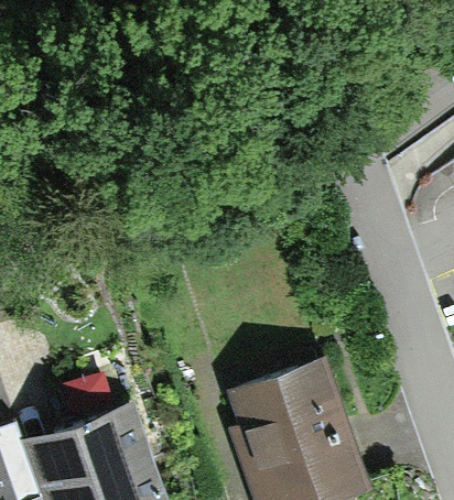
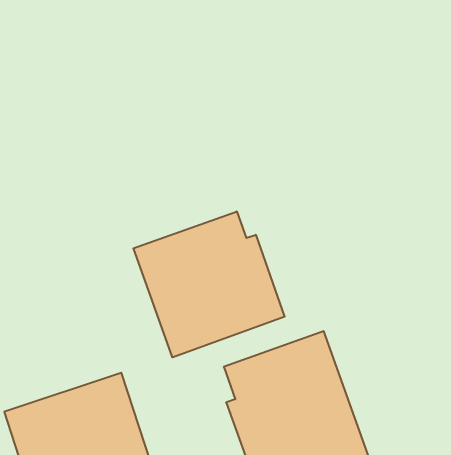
building: none -> [133,211,285,357]

